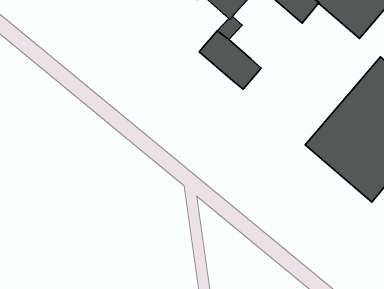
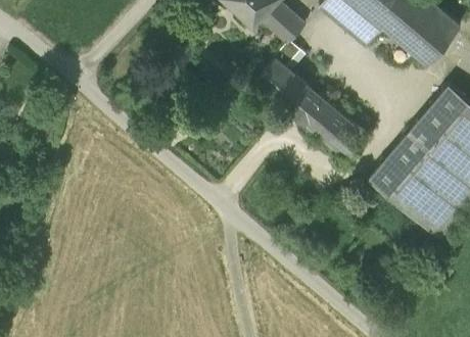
building: none -> [301,98,367,159]

